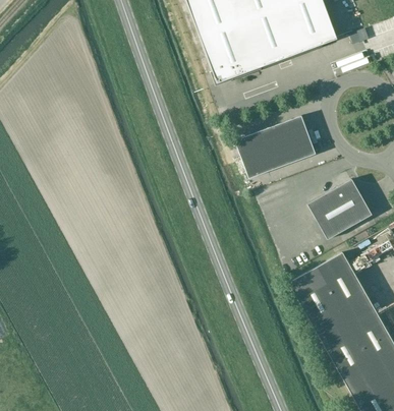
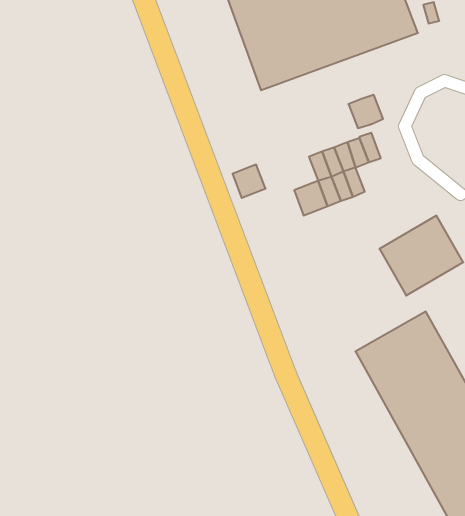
building: [236,134,262,160] -> [232,165,266,198]
building: [290,135,317,161] -> [348,95,383,128]

